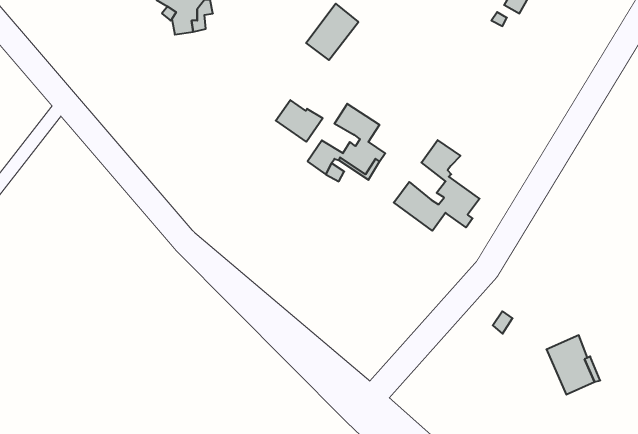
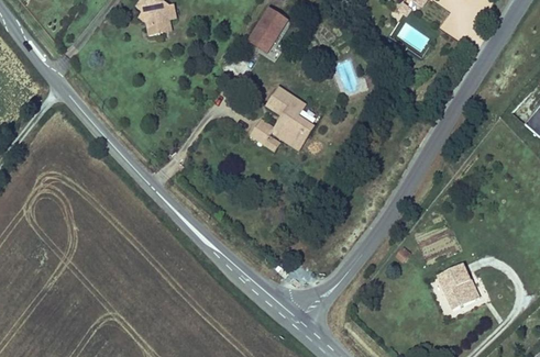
building: [276,100,323,142] -> none
building: [394,140,480,231] -> none

